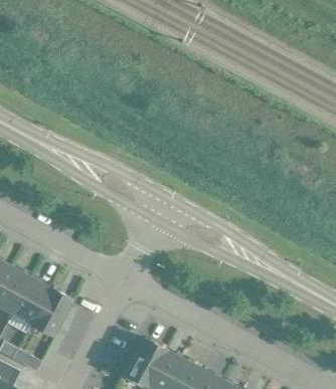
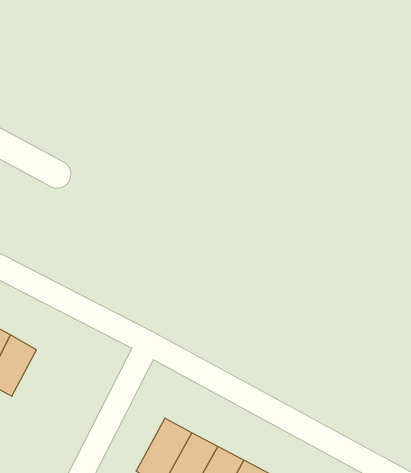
building: [32,288,70,334] -> none

